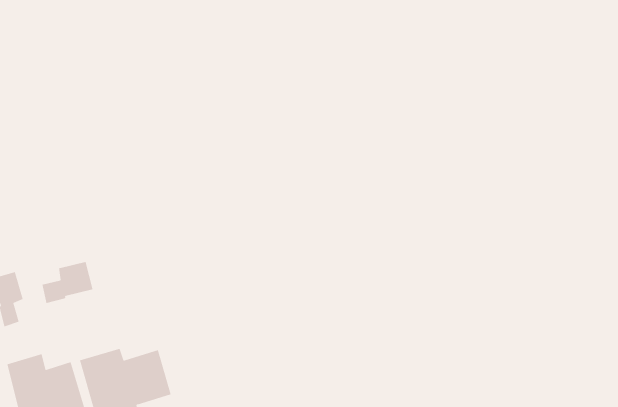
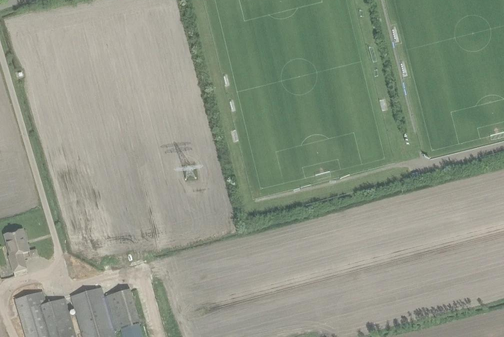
building: [42,261,93,304] -> none

